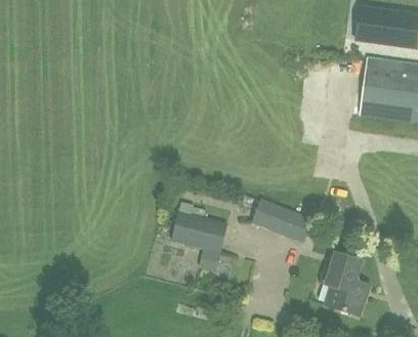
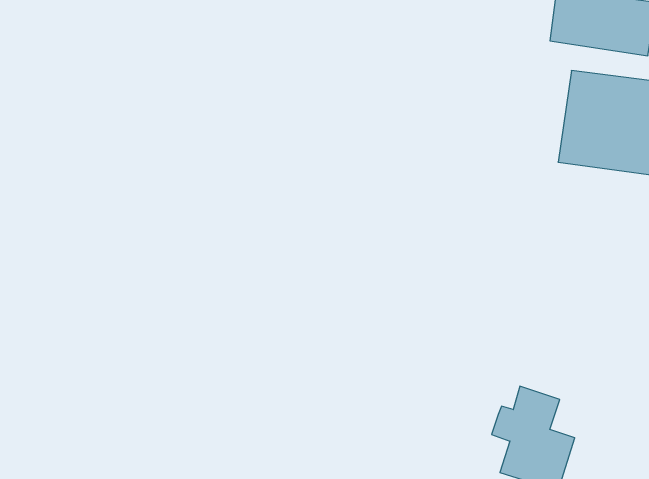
building: [252,198,311,243] -> none
building: [170,210,226,252] -> none

